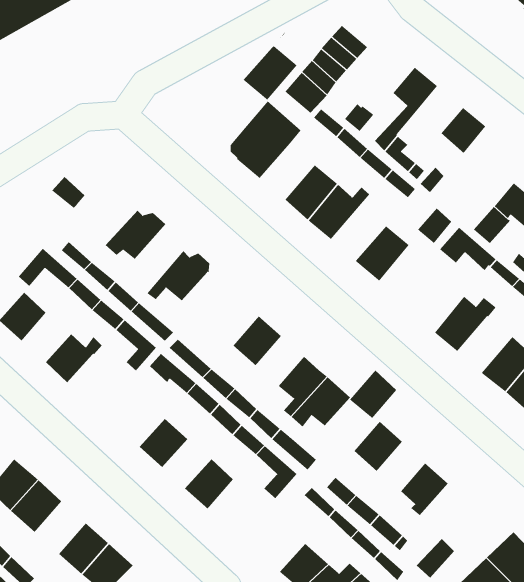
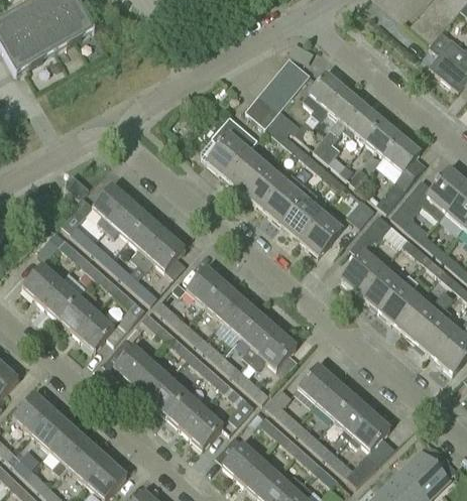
building: [243,32,297,101] -> [225,139,267,193]
building: none -> [303,73,345,120]
building: none -> [343,105,382,141]
building: none -> [376,136,424,212]
building: none -> [92,181,130,228]
building: none -> [280,189,323,240]
building: none -> [128,212,165,265]
building: none -> [341,252,383,295]
building: none -> [186,266,224,305]
building: none -> [40,280,79,319]
building: none -> [378,283,421,327]
building: none -> [222,298,259,337]
building: none -> [76,312,115,351]
building: [349,369,397,419] -> [316,380,353,418]
building: none -> [112,339,151,384]
building: none -> [149,378,188,416]
building: none -> [185,409,223,449]
building: none -> [349,412,389,451]
building: none -> [50,426,90,475]
building: none -> [222,443,260,481]

